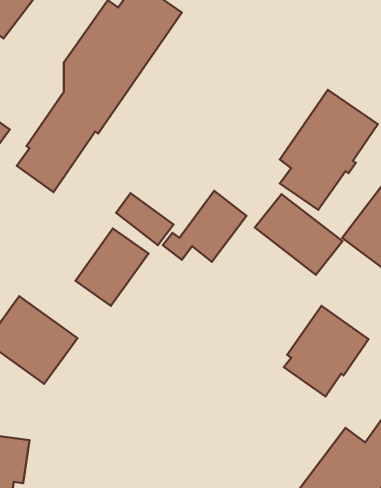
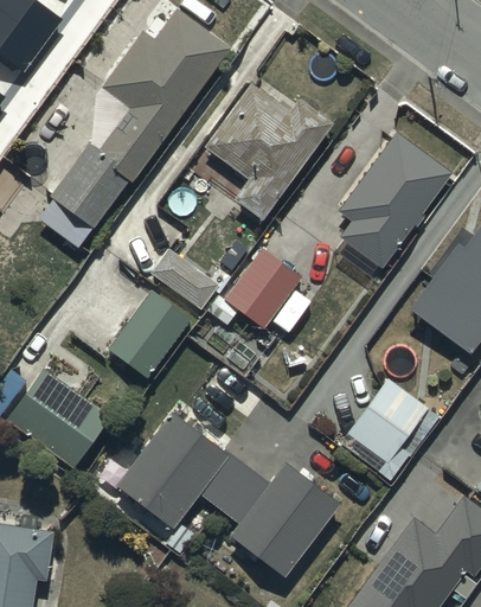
building: none -> [204,83,331,221]
building: [255,194,342,275] -> none
building: none -> [117,411,340,577]

